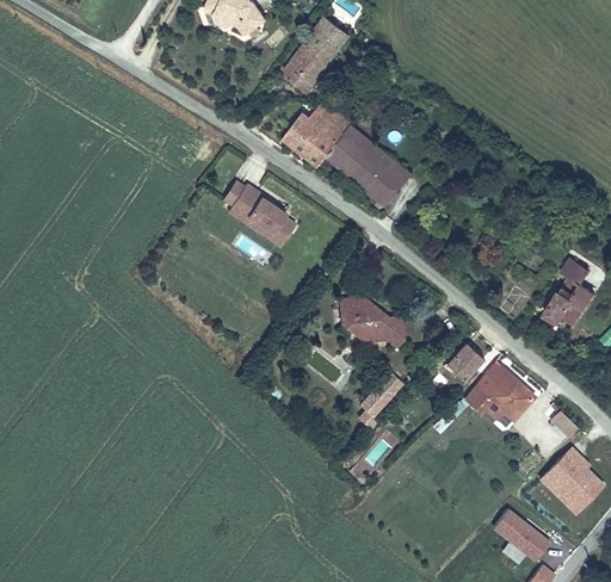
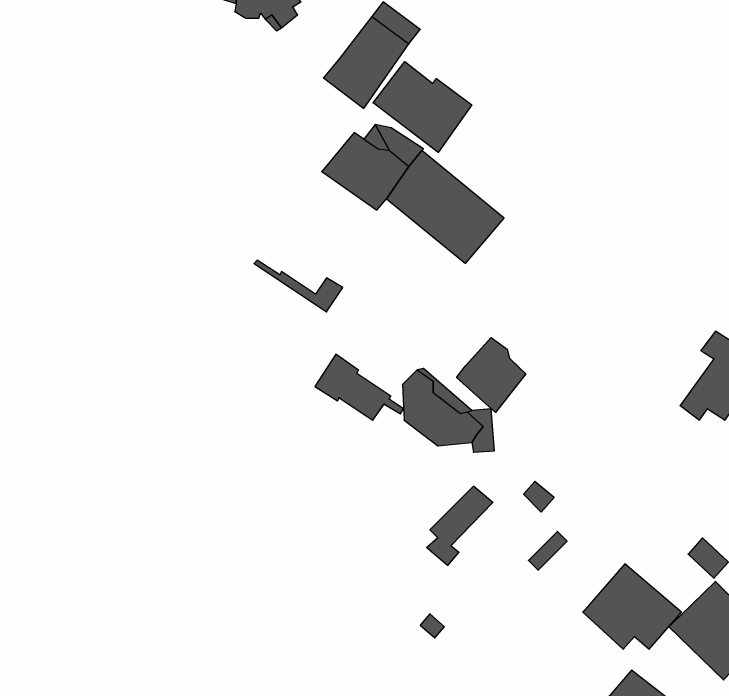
building: none -> [373,62,472,152]
building: [230,181,296,230] -> [315,354,404,420]
building: none -> [457,338,526,412]
building: [442,340,483,379] -> none
building: [464,360,537,423] -> [583,564,681,649]

